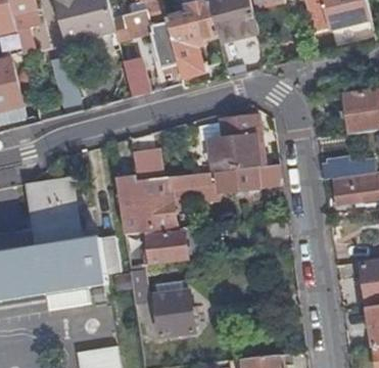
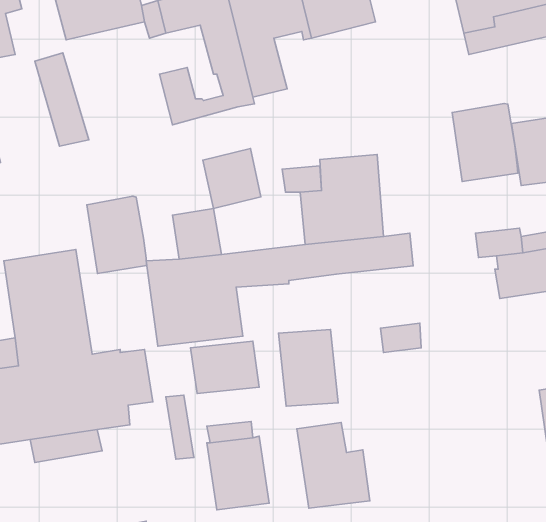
building: none -> [452,103,518,181]
building: none -> [203,149,261,208]
building: none -> [87,196,147,273]
building: none -> [278,330,338,406]
building: none -> [297,422,370,508]

